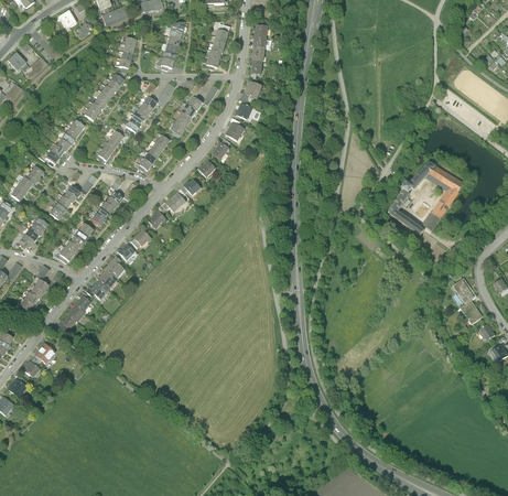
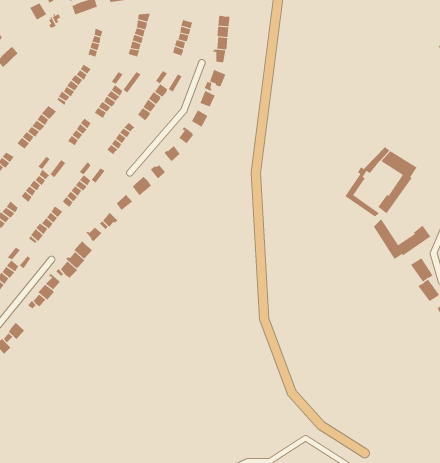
building: none -> [373,219,431,260]

